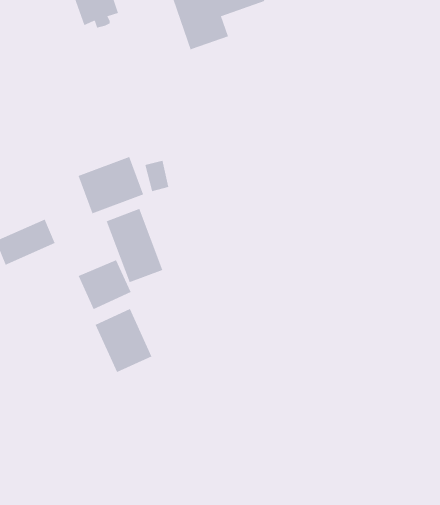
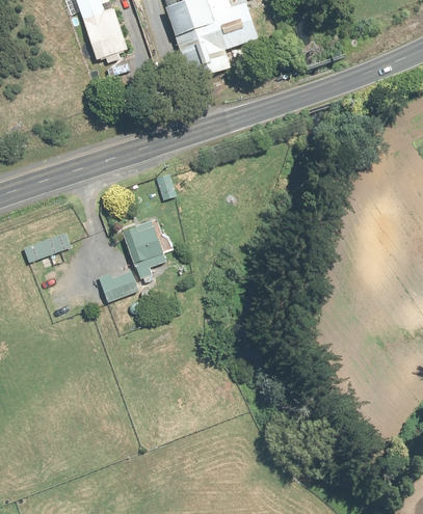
building: [78,156,144,214] -> none
building: [95,308,152,373] -> none

